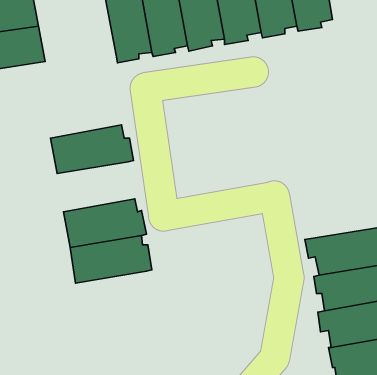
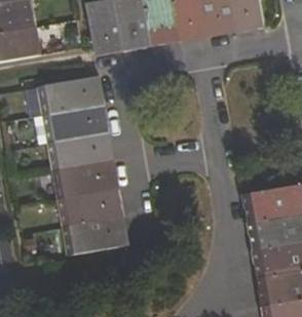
building: none -> [38,78,103,115]
building: none -> [48,133,113,172]
building: none -> [63,219,127,255]

